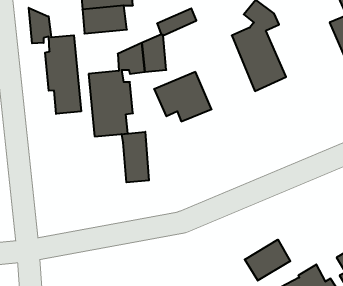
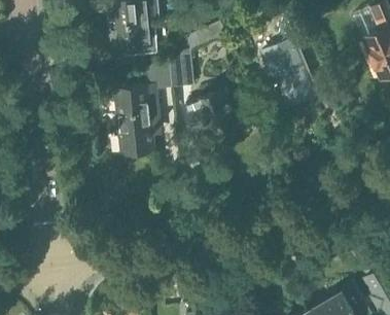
building: [29,8,81,114] -> none
building: [122,132,149,182] -> none
building: [245,240,290,281] -> none

